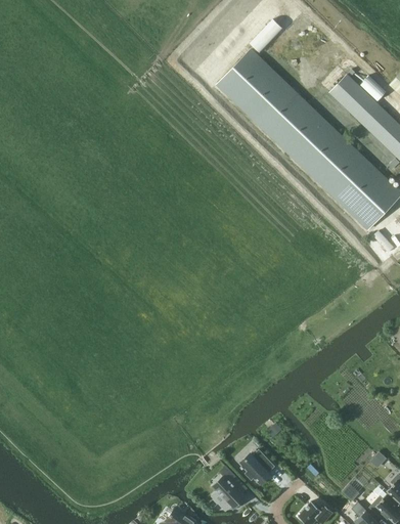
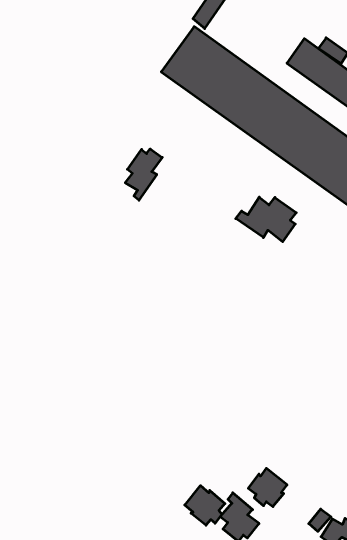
building: none -> [125,149,162,200]
building: none -> [236,197,296,242]
building: none -> [185,486,225,525]

